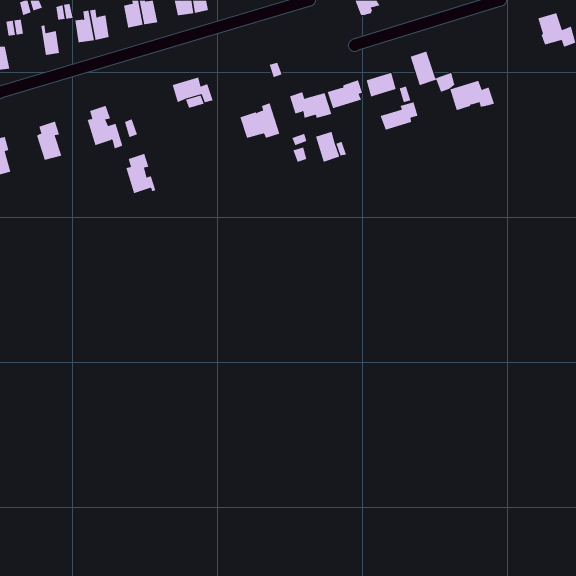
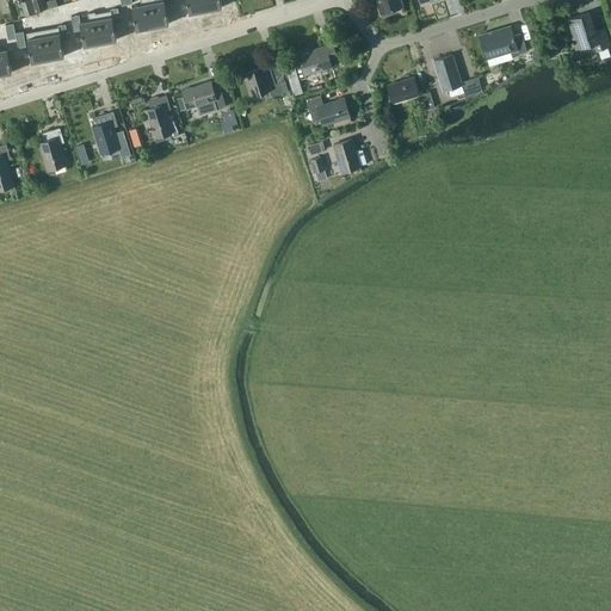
building: none -> [26,29,48,63]
building: [327,79,363,109] -> [298,44,337,75]
building: [450,80,495,111] -> [479,27,526,60]
building: [380,101,418,130] -> none
building: [240,102,280,138] -> [245,58,288,97]
building: [126,153,156,194] -> [146,95,178,138]

